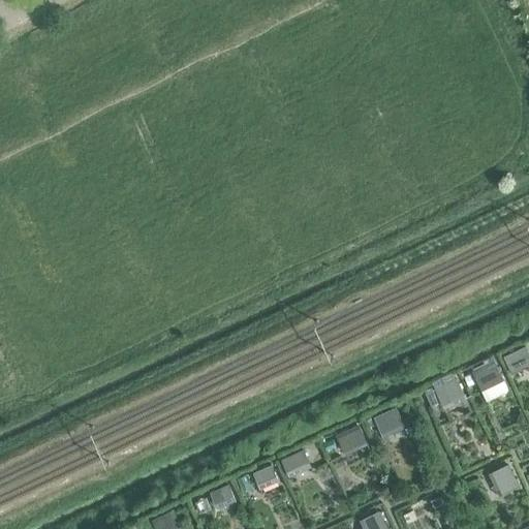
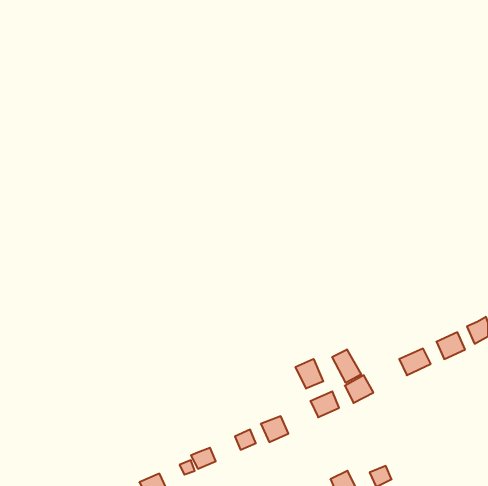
building: none -> [332,349,361,383]
building: none -> [296,359,323,389]
building: [488,465,517,497] -> none

